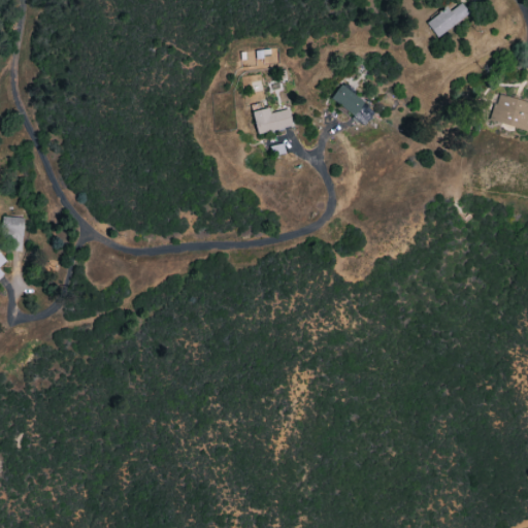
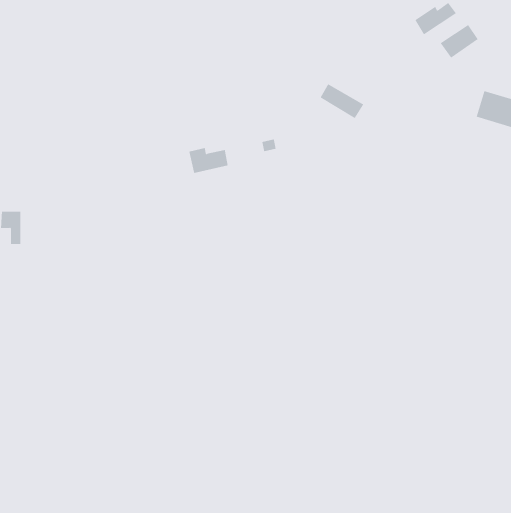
building: none -> [440,24,478,59]
building: [253,106,294,133] -> [188,147,229,174]

